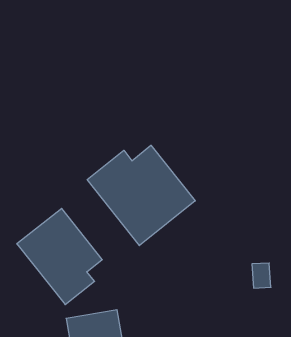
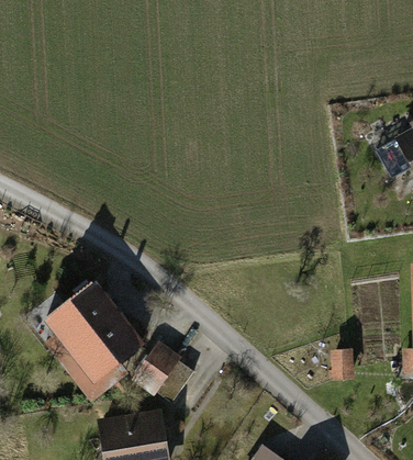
building: [87,145,195,246] -> none
building: none -> [136,343,203,407]

